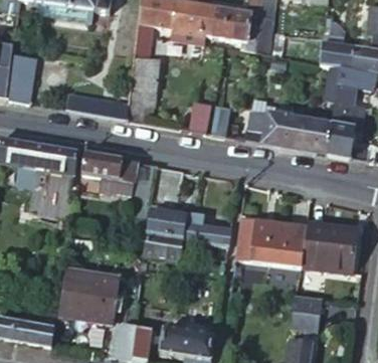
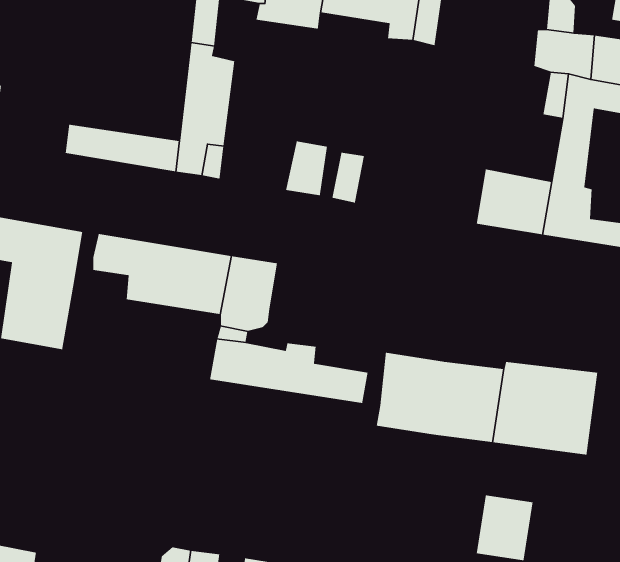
building: [243,111,296,148] -> none
building: [144,232,184,260] -> none
building: [58,269,122,322] -> none

